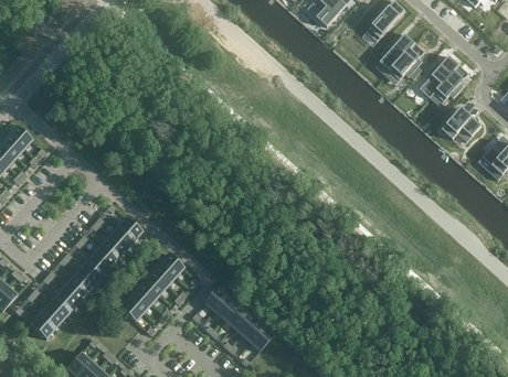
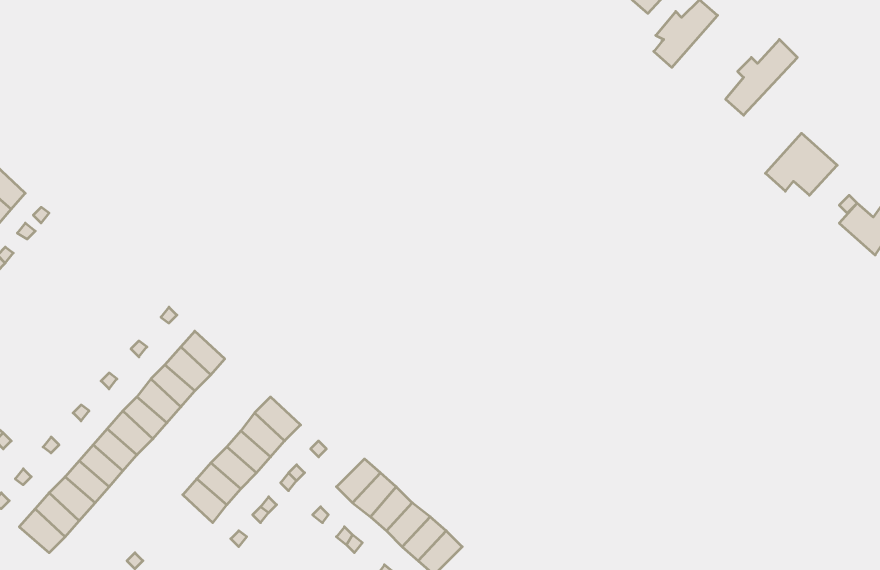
building: [390,42,425,79] -> none
building: [430,65,469,101] -> none

